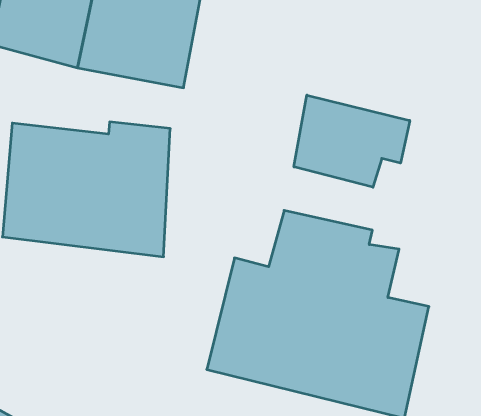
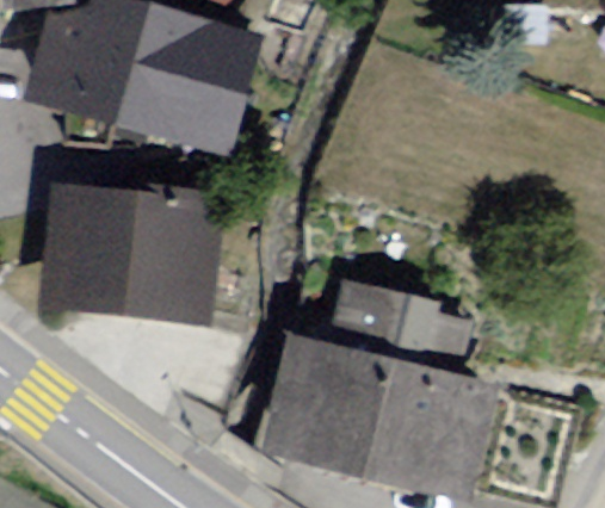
building: [294,95,410,187] -> none

